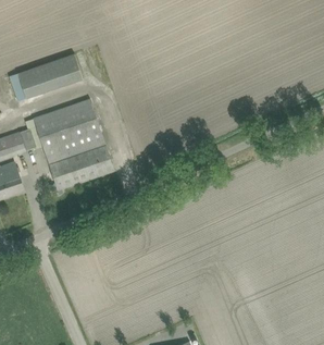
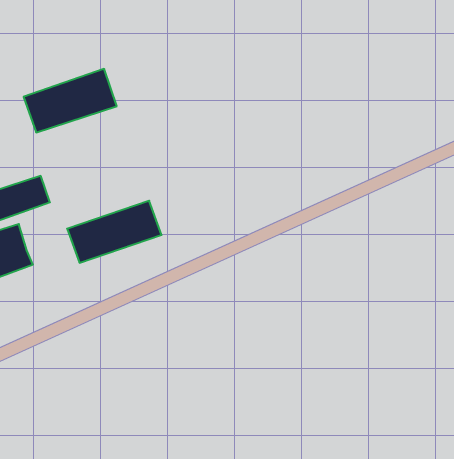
building: [33,100,104,164] -> none

